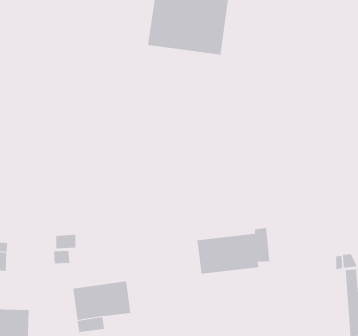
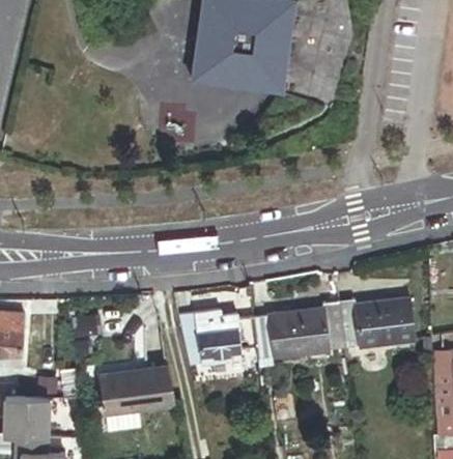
building: none -> [339,299,414,349]
building: none -> [179,311,242,366]

